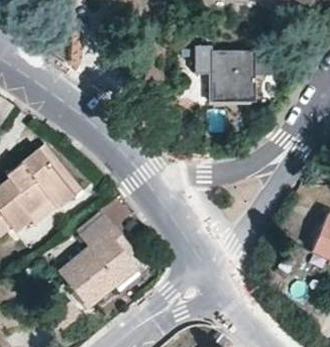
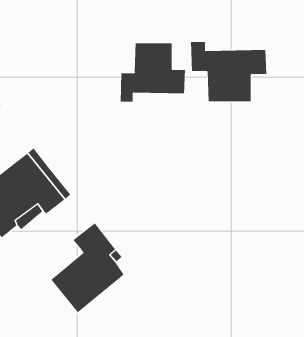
building: none -> [120,42,185,102]

